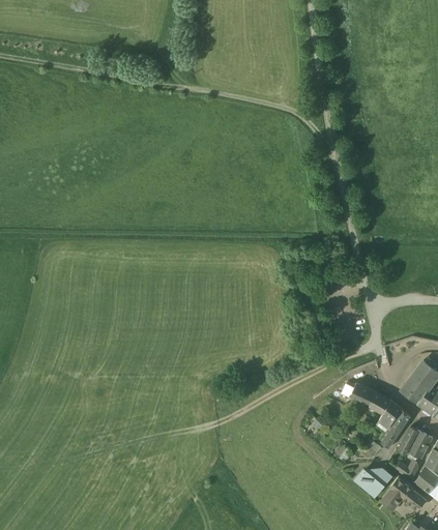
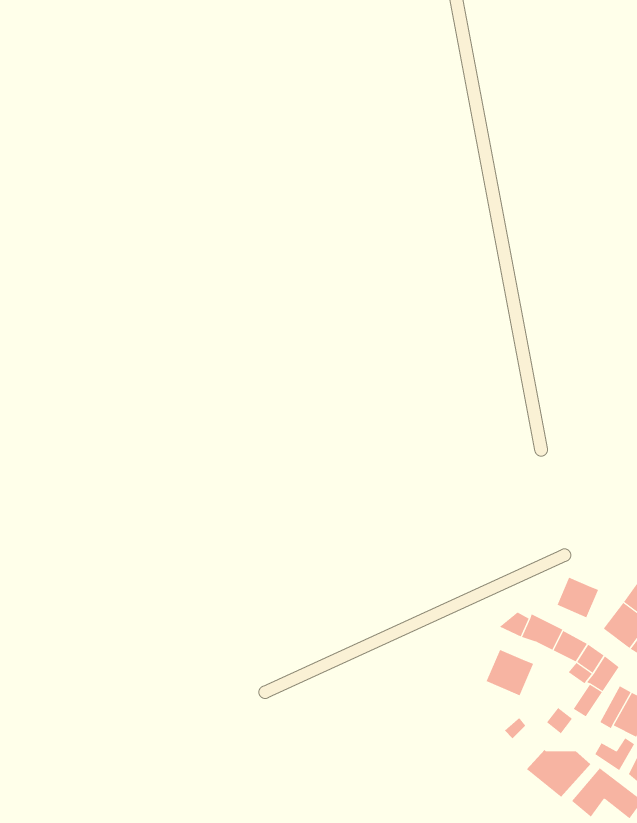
building: none -> [557,577,599,618]
building: none -> [486,649,534,696]

